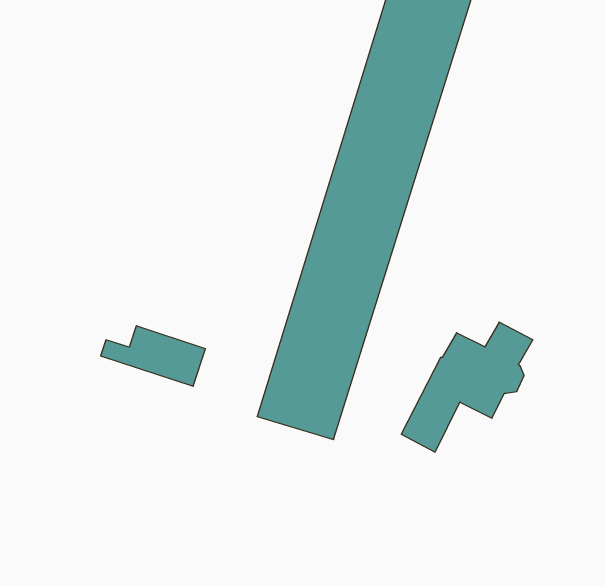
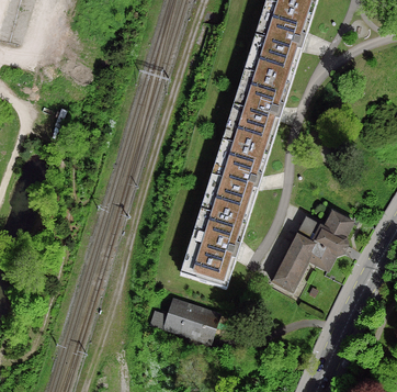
building: [101,326,206,386] -> [151,303,216,340]

